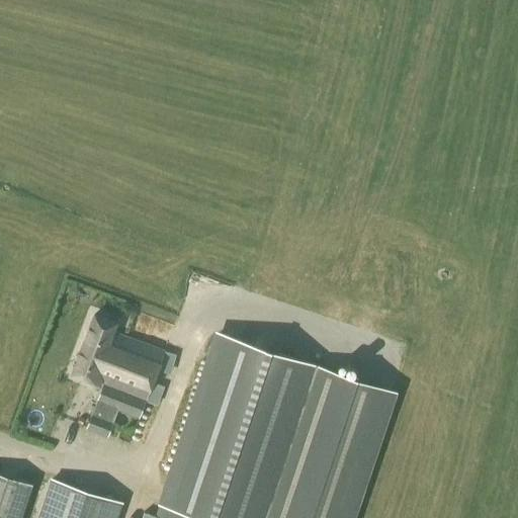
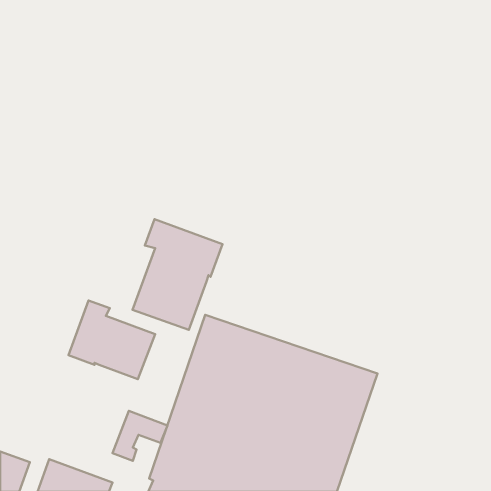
building: none -> [133,219,222,330]
building: [88,384,146,437] -> [112,411,167,461]

